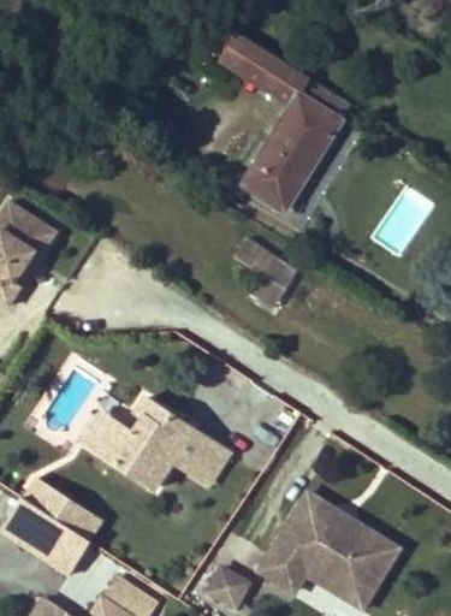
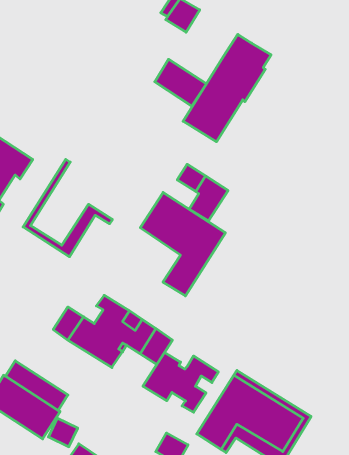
building: [245,47,309,105] -> [155,59,206,106]
building: none -> [23,159,112,257]
building: none -> [140,192,225,296]
building: none -> [143,353,218,412]

